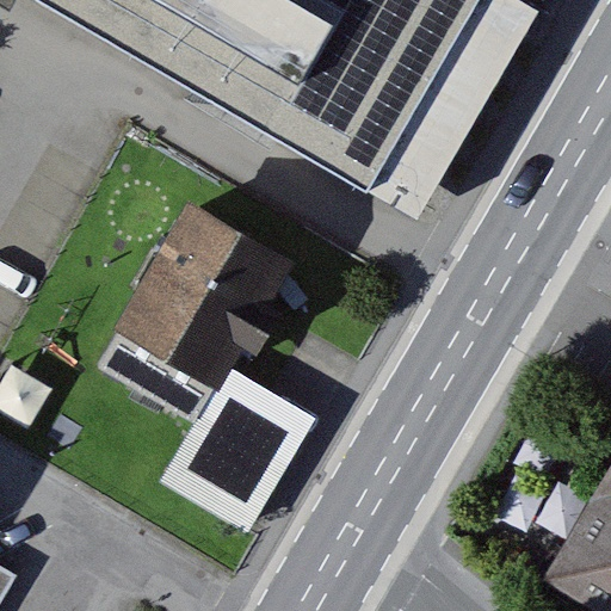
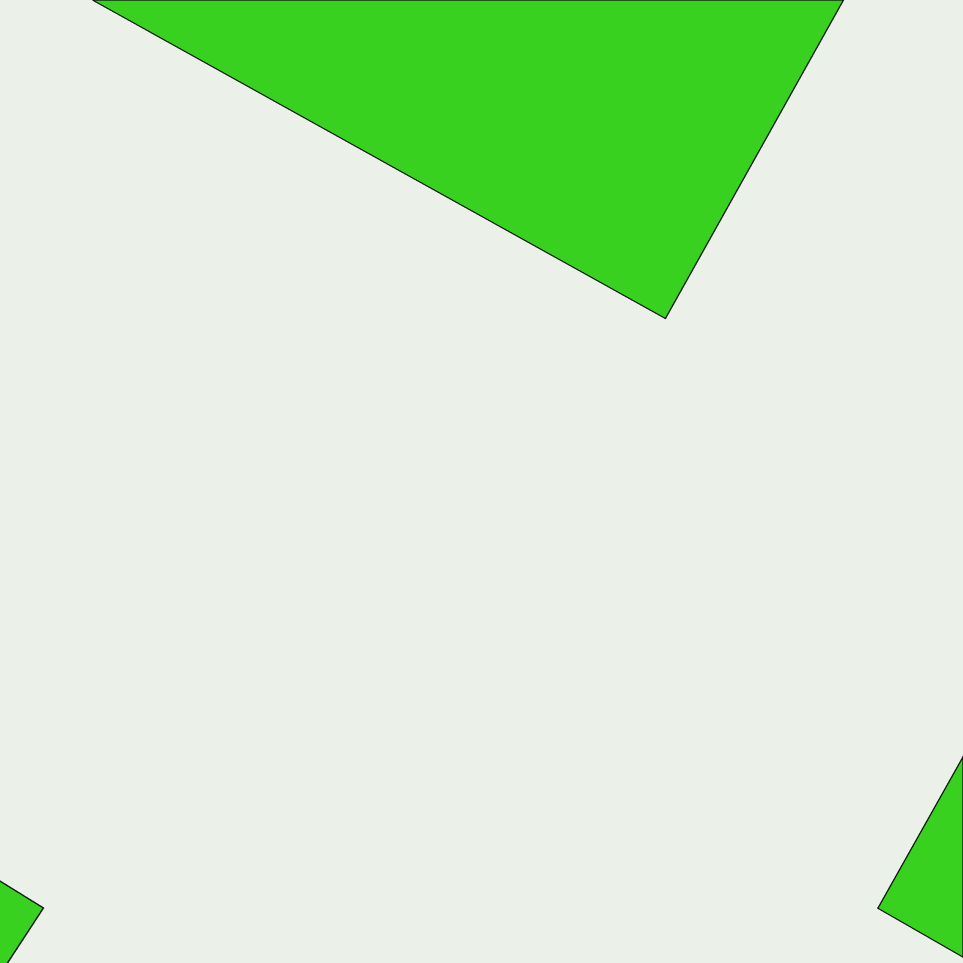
building: [126,203,292,382] -> none
building: [158,378,284,496] -> none

